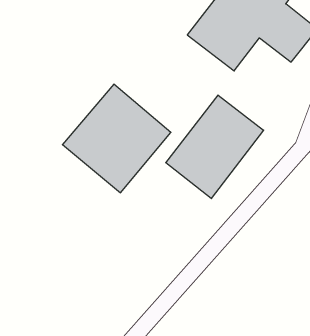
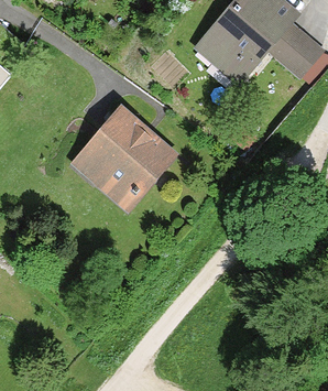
building: [166,95,264,199] -> none

